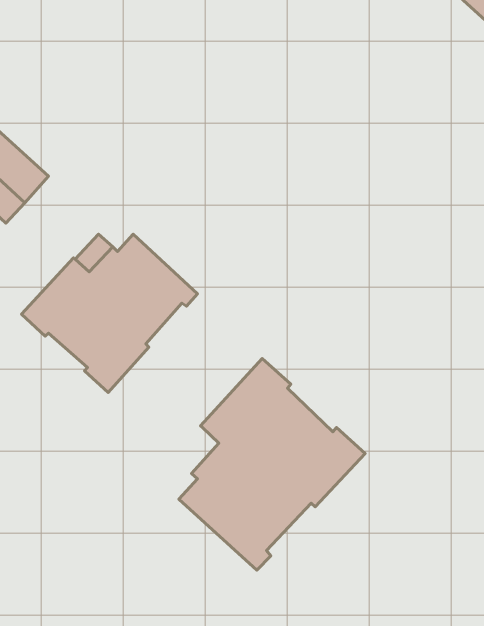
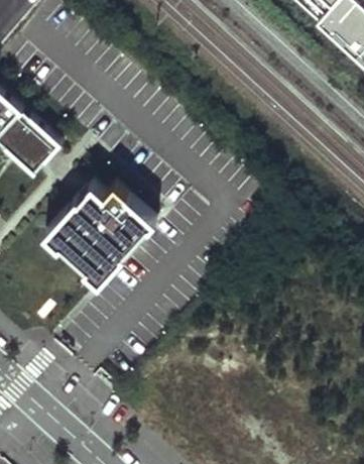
building: [179,358,365,570] -> none

